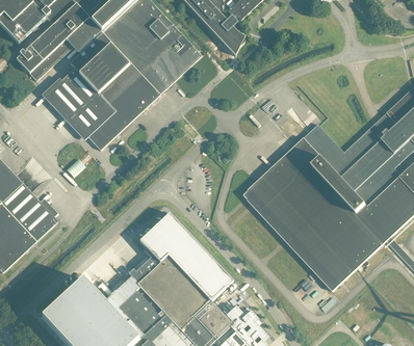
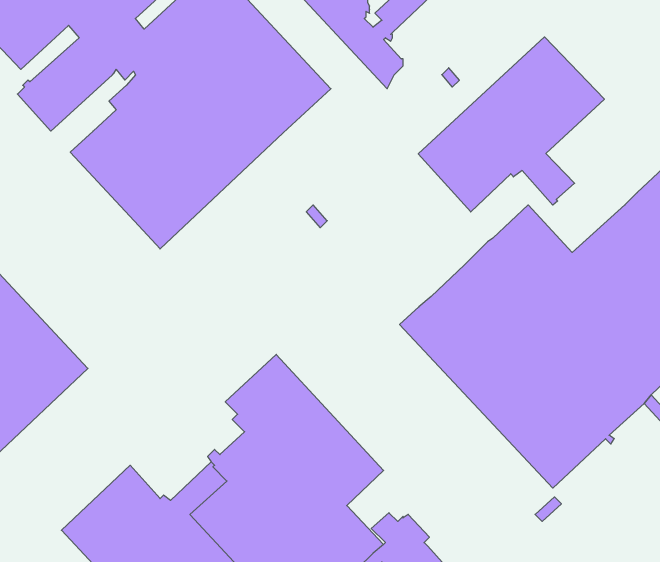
building: none -> [418,37,604,212]

